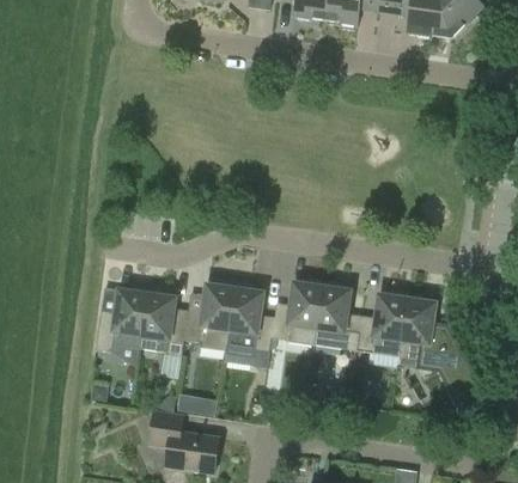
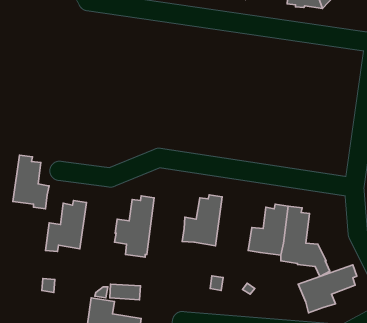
building: [313,282,360,351] -> none
building: [225,283,273,368] -> none
building: [139,289,185,359] -> [13,155,49,209]
building: none -> [298,265,357,313]

